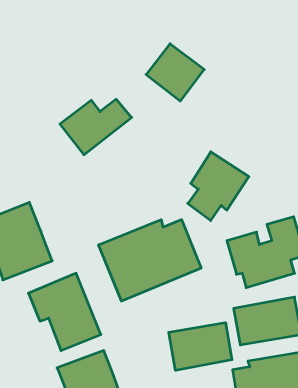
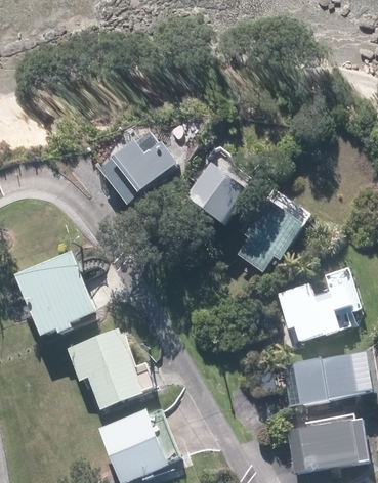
building: [146,44,204,101] -> [183,163,246,224]
building: [99,220,201,301] -> none
building: [169,323,232,370] -> none

